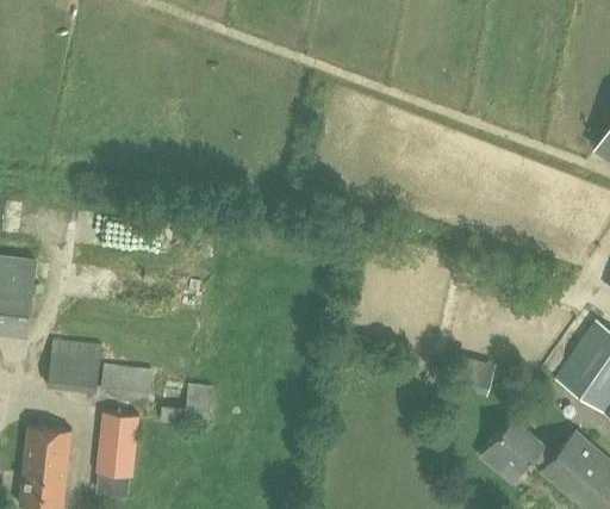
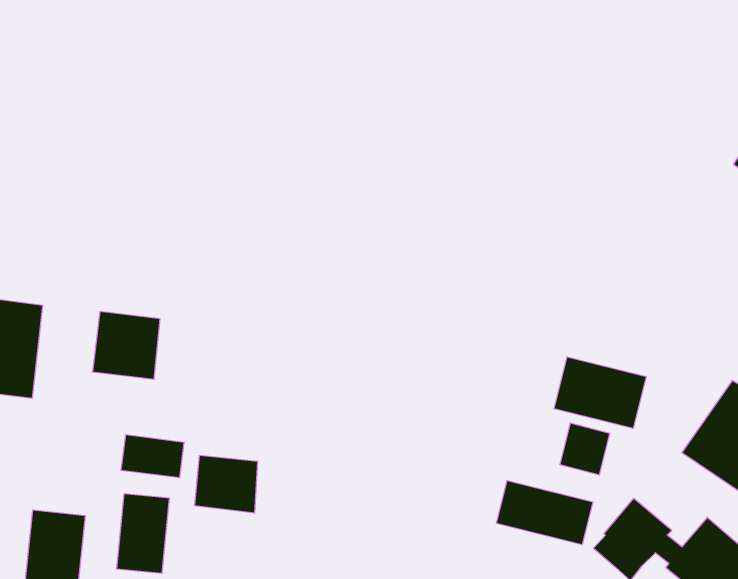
building: none -> [554,357,646,428]
building: [46,340,101,395] -> [92,312,160,379]
building: none -> [496,480,593,545]

